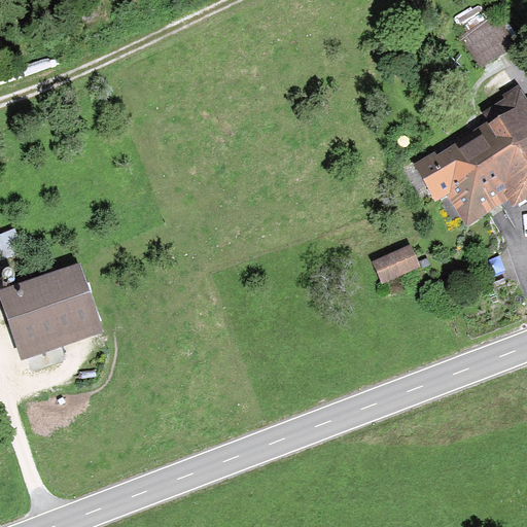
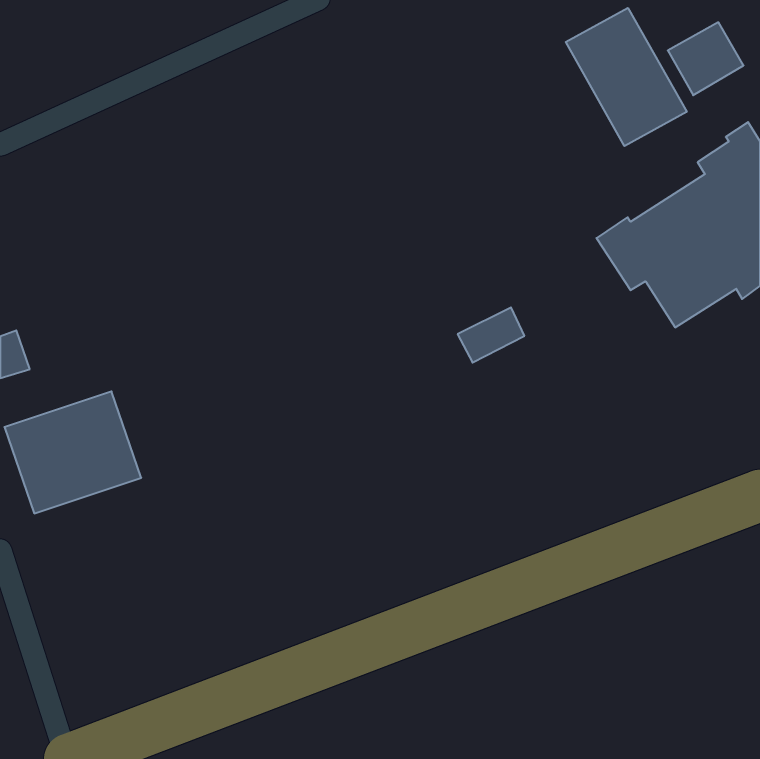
building: none -> [566,8,687,146]
building: [374,245,420,283] -> [458,307,524,363]

